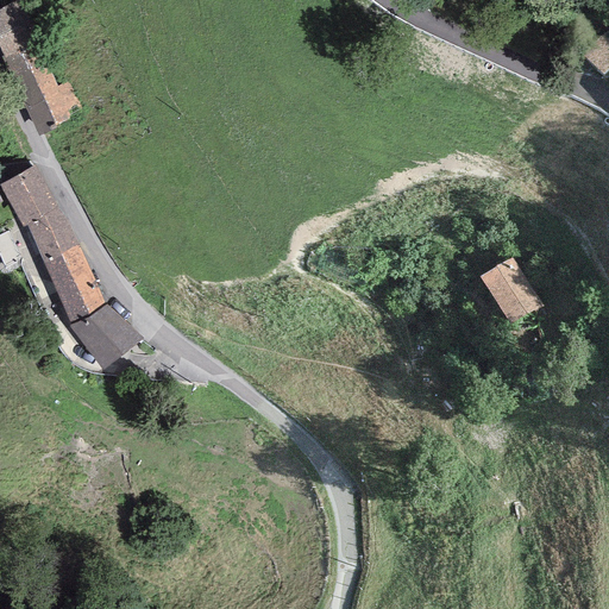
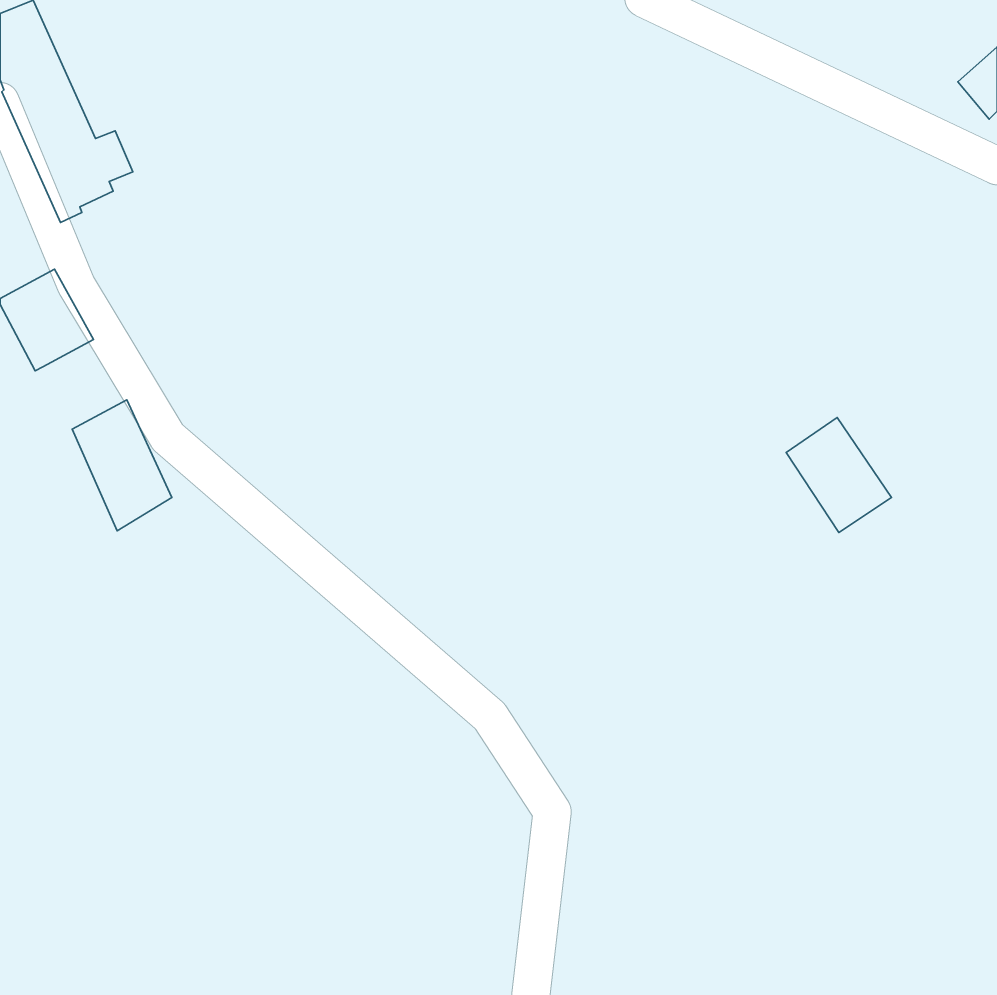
building: [26,207,77,262] -> none
building: [69,303,143,369] -> none

